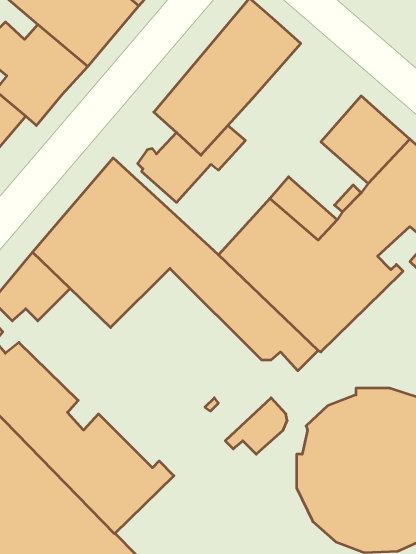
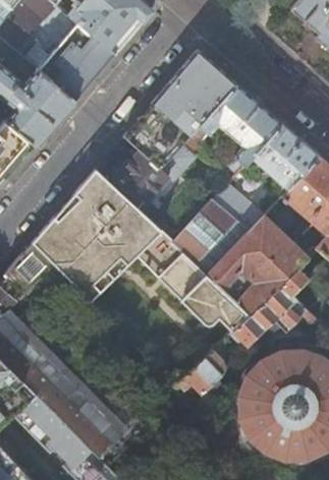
building: none -> [200,83,282,165]
building: none -> [232,271,309,348]

